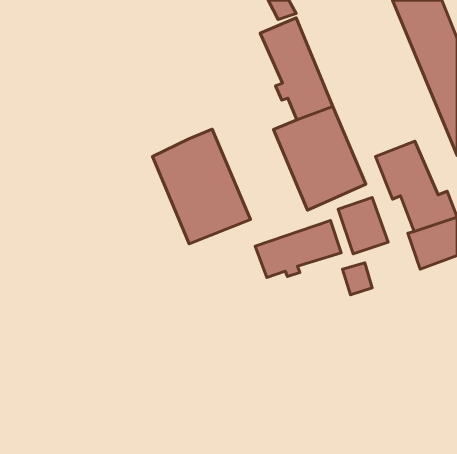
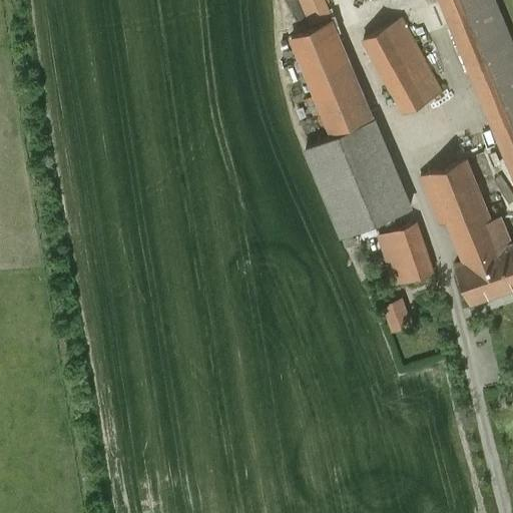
building: none -> [364,21,442,113]
building: [152,129,251,244] -> none
building: [255,221,341,277] -> none

